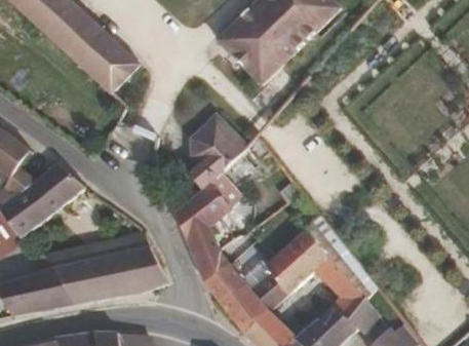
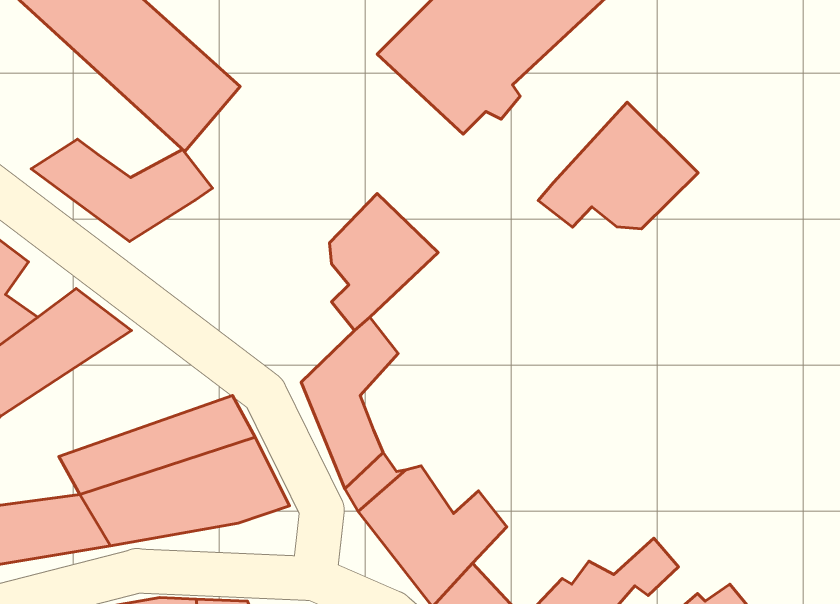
building: none -> [538,102,698,229]
building: none -> [31,139,213,241]
building: [267,218,377,325] -> none

